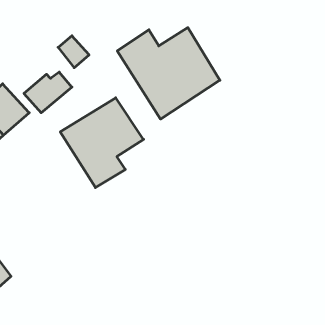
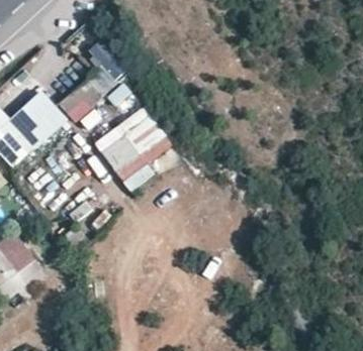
building: [117,28,220,119] -> none

